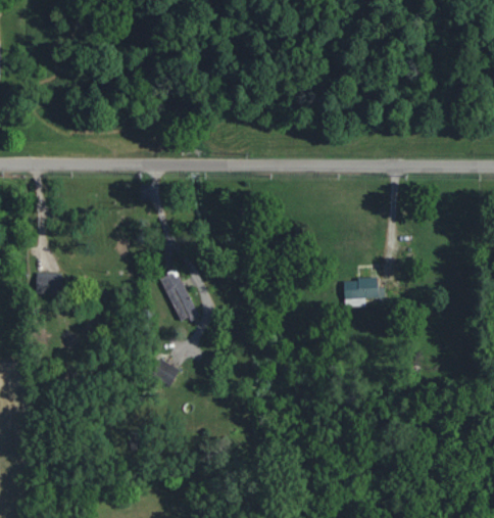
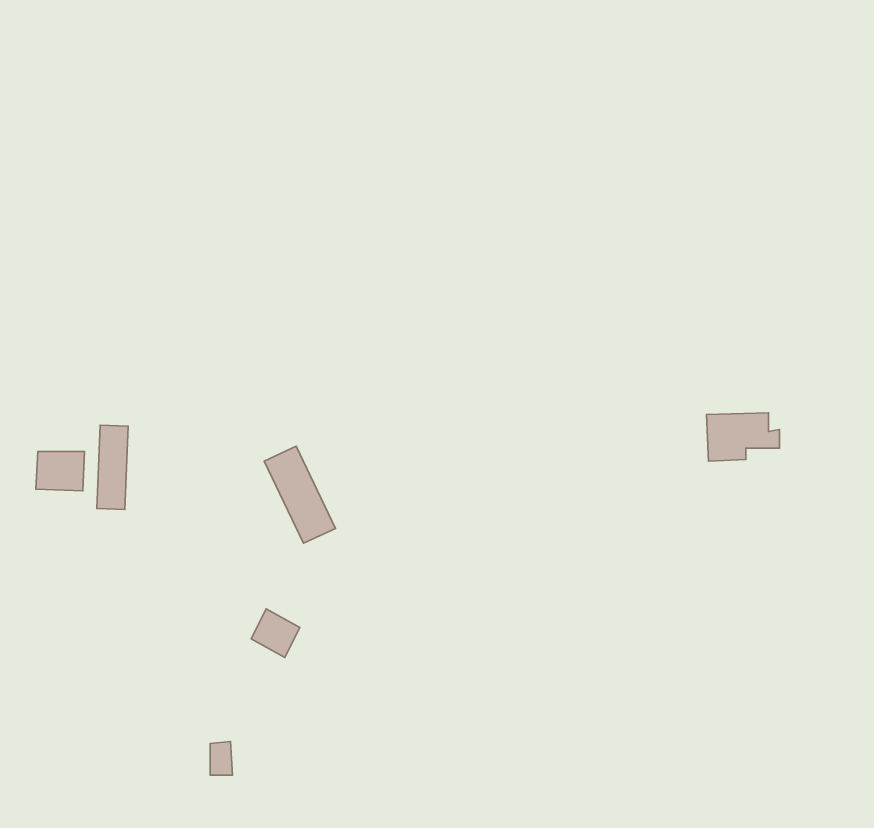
building: none -> [97,425,128,510]
building: [344,279,384,305] -> [707,413,780,461]

